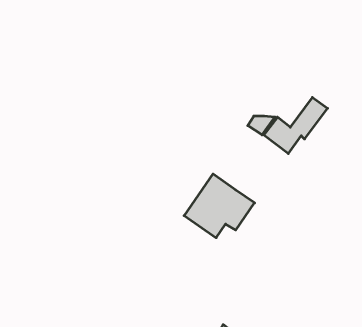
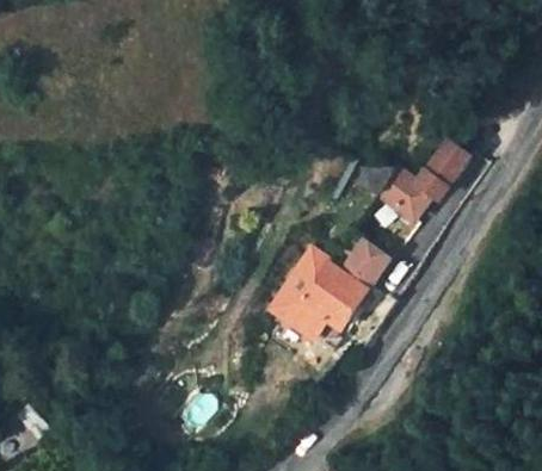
building: none -> [341,241,389,289]

